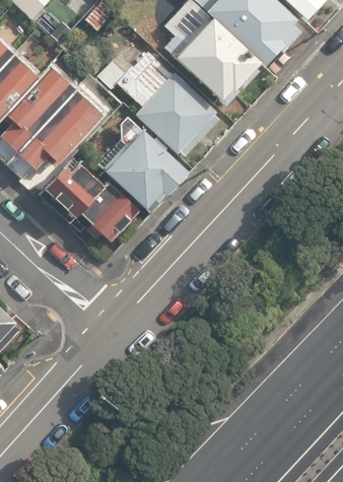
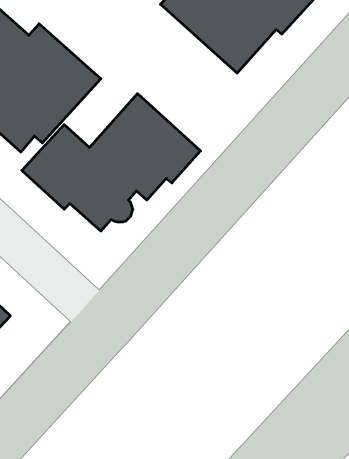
building: [111,48,217,155] -> none

